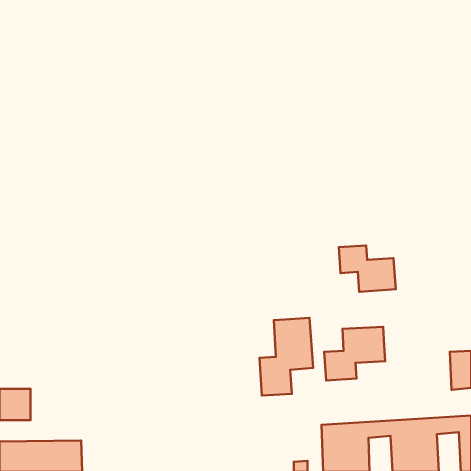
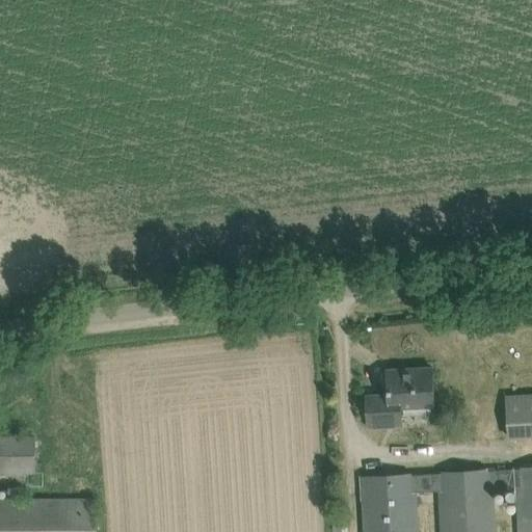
building: [339,245,396,292] -> none
building: [260,318,313,395] -> none

